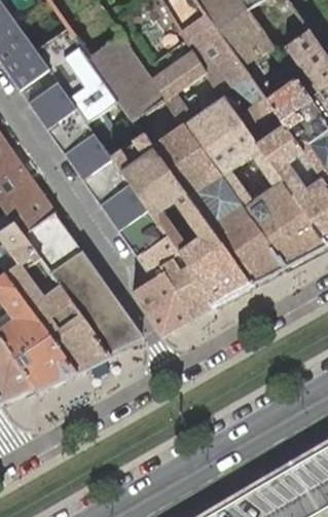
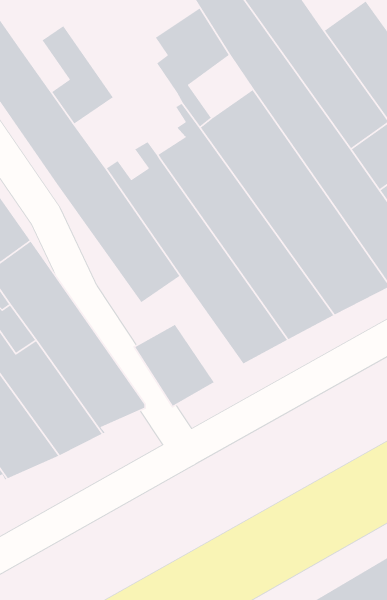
building: [89,36,165,120] -> none
building: [159,254,215,317] -> none

